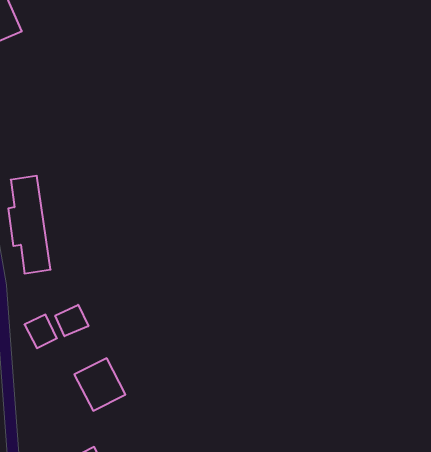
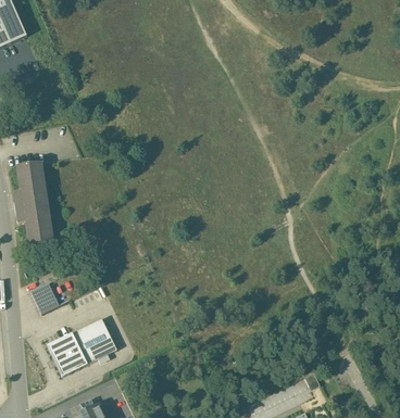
building: [55,305,88,336] -> none
building: none -> [48,335,88,377]

